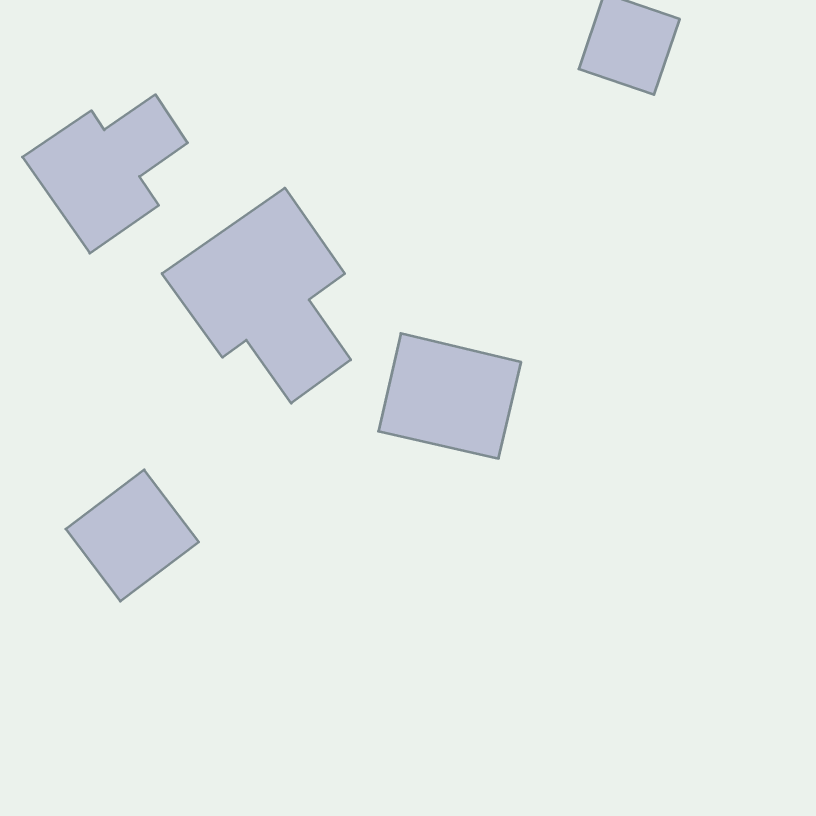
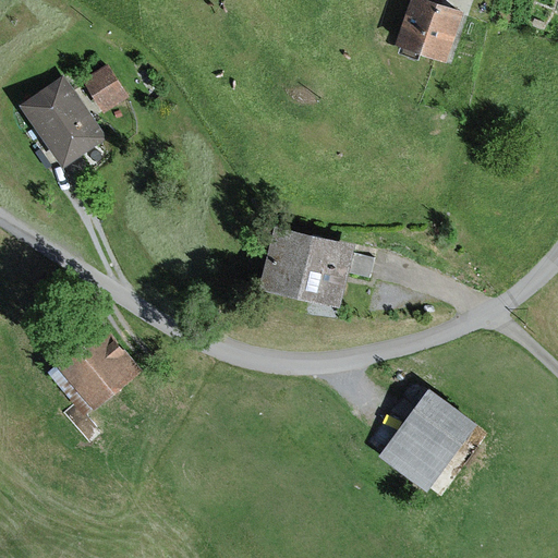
building: [162,188,351,403] -> none
building: none -> [375,385,472,489]

